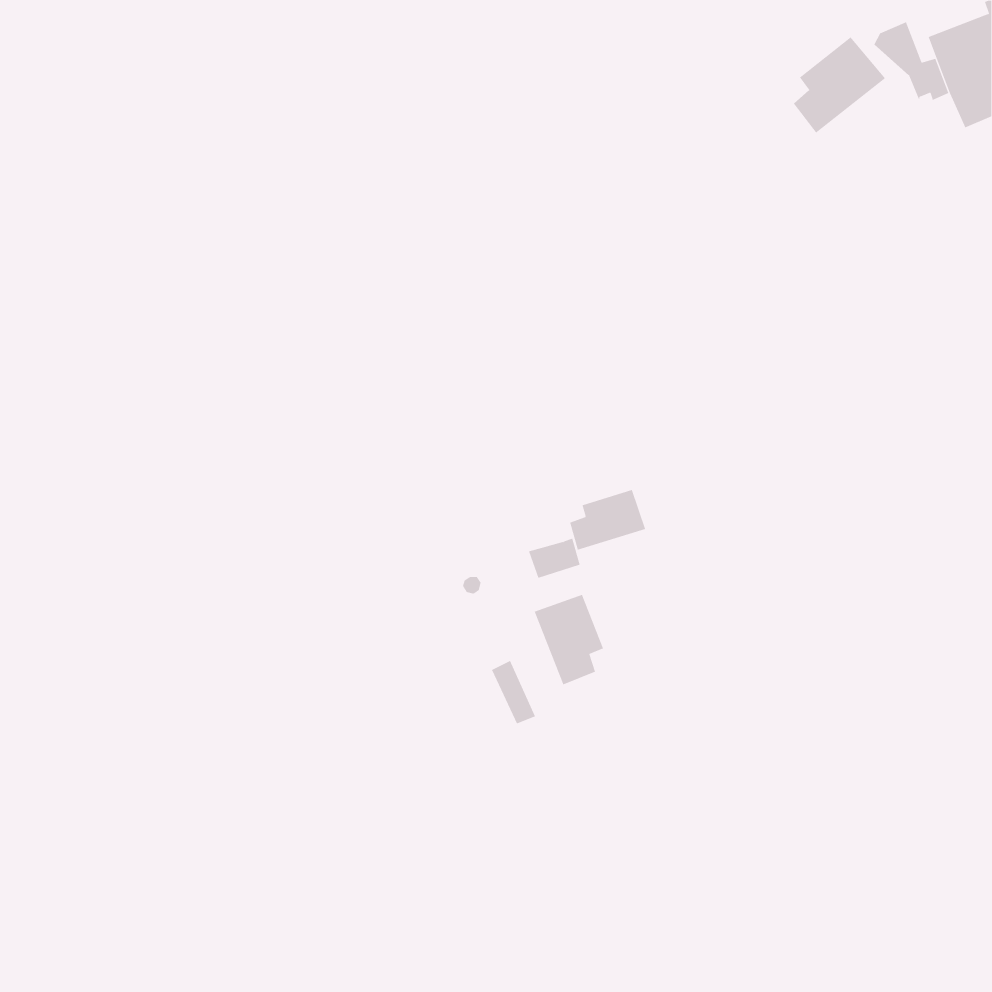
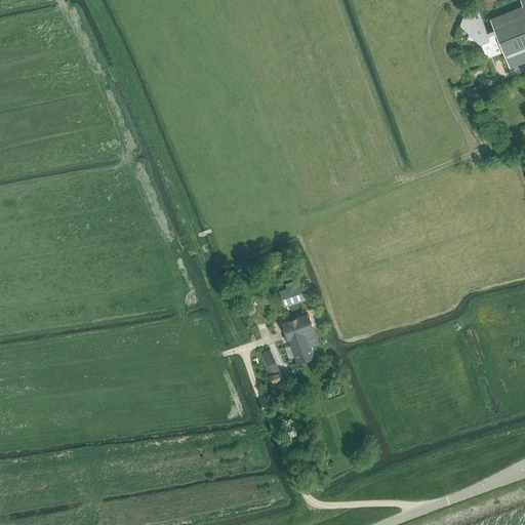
building: [793,37,886,134] -> none
building: [569,489,646,550] -> none

